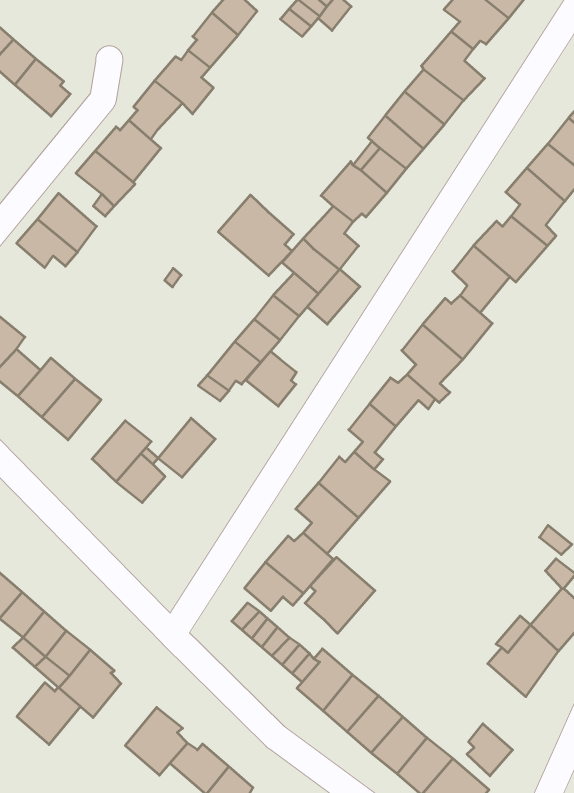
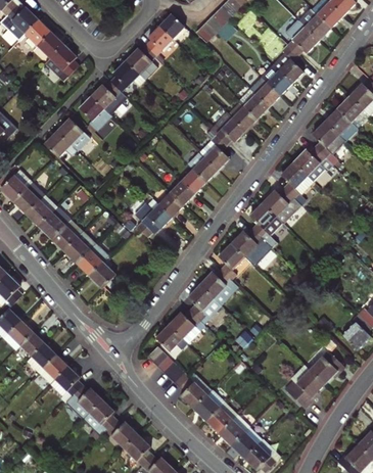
building: [218,195,294,276] -> none
building: [307,269,360,324] -> none
building: [246,351,296,406] -> none
building: [158,418,215,477] -> [64,231,96,263]
building: [305,557,375,633] -> none
building: [17,683,80,745] -> [67,385,102,419]
building: [467,724,513,776] -> none

